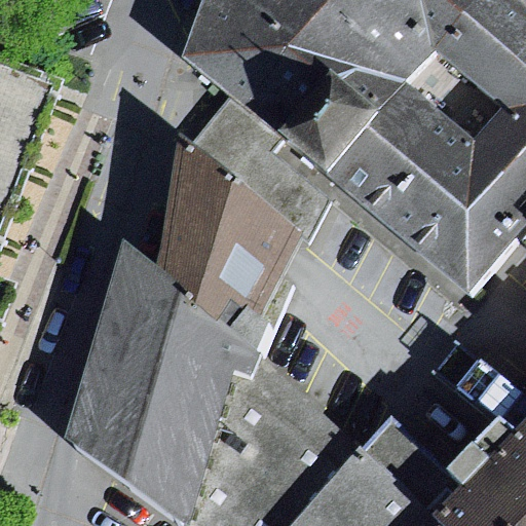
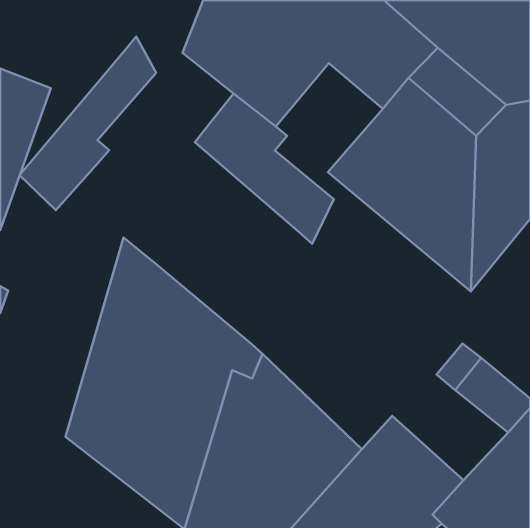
building: none -> [20,36,156,210]
building: [273,65,379,173] -> none
building: [154,129,299,343] -> none

